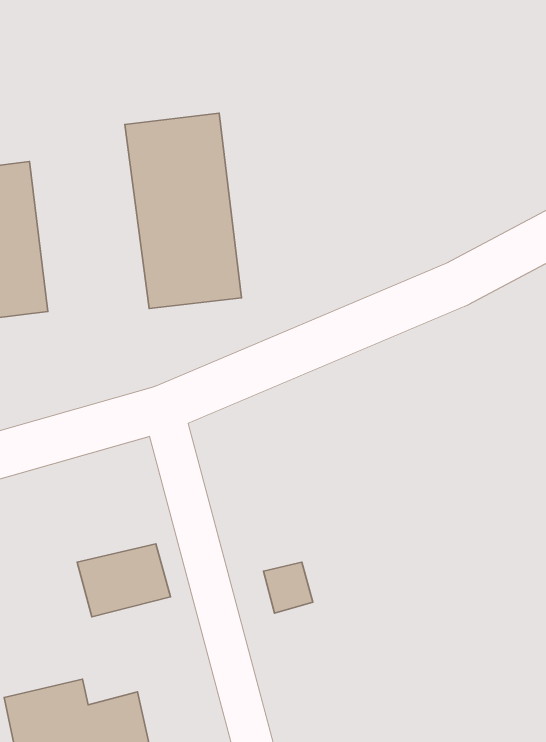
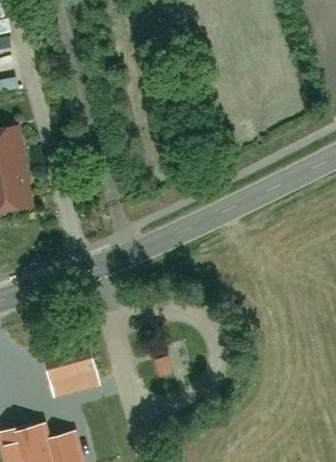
building: [125,113,242,309] -> none

